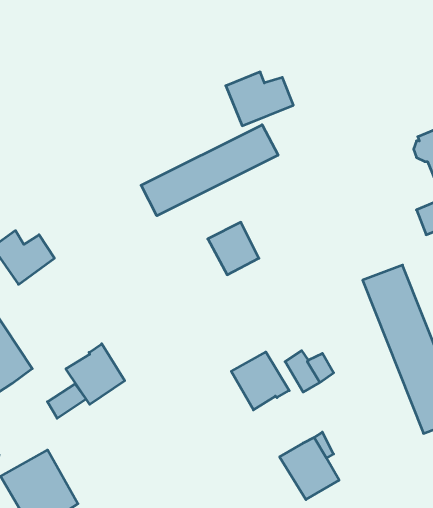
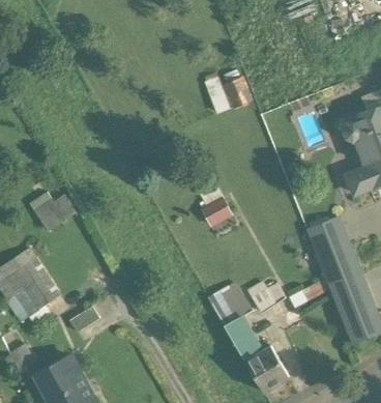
building: [141,125,278,216] -> none
building: [66,344,125,404] -> none
building: none -> [226,316,263,362]

